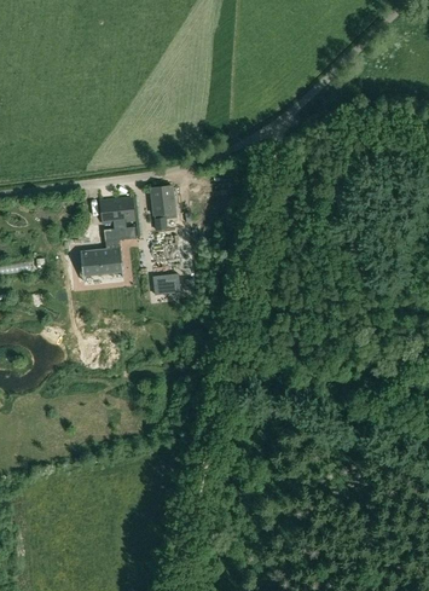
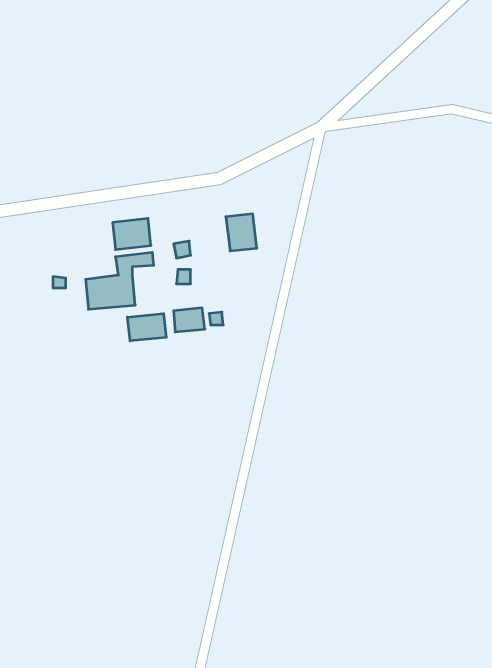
building: [150,185,176,216] -> [226,214,257,251]
building: none -> [127,314,166,341]

